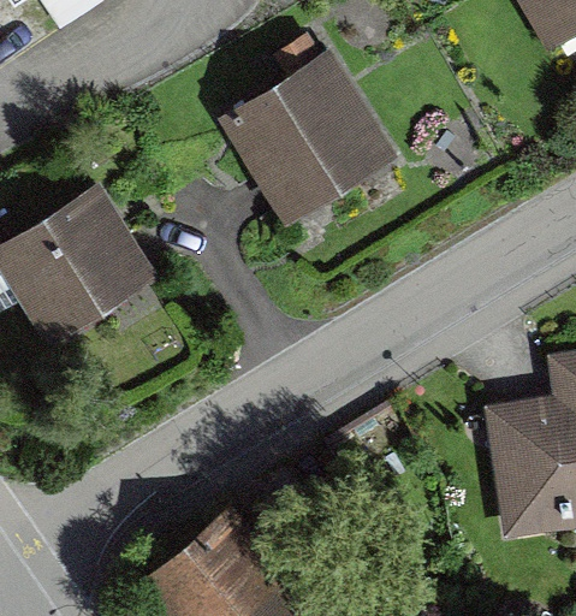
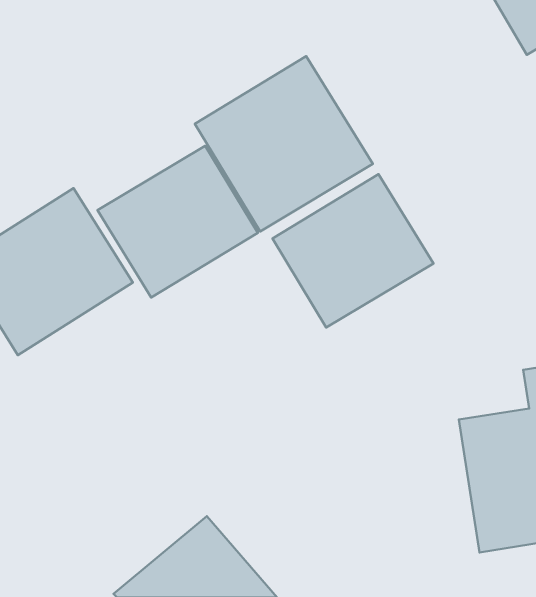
building: none -> [97,146,258,298]
building: none -> [272,174,433,328]

